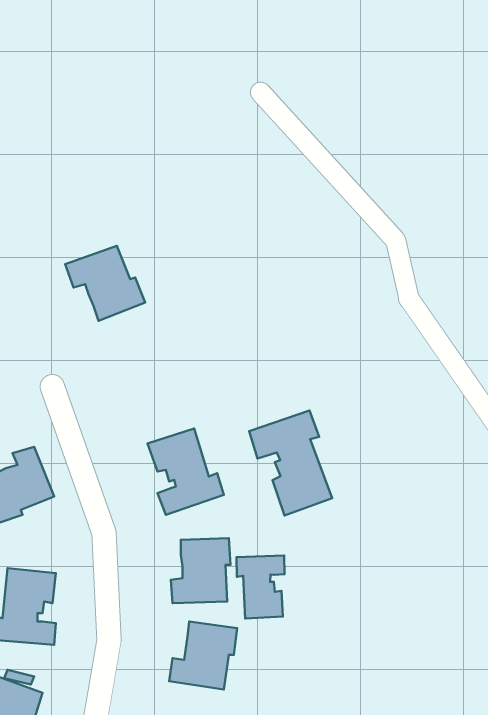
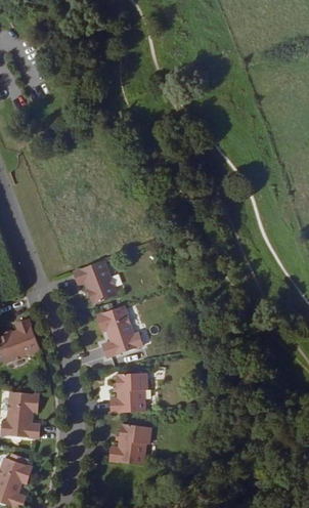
building: [65,246,145,321] -> [73,260,122,306]
building: [249,410,332,516] -> none
building: [236,556,285,619] -> none

